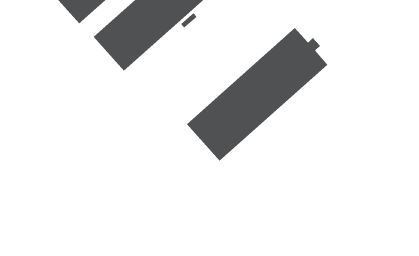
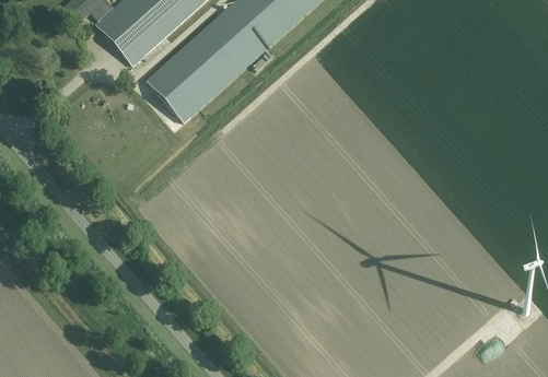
building: [186,27,328,162] -> none

